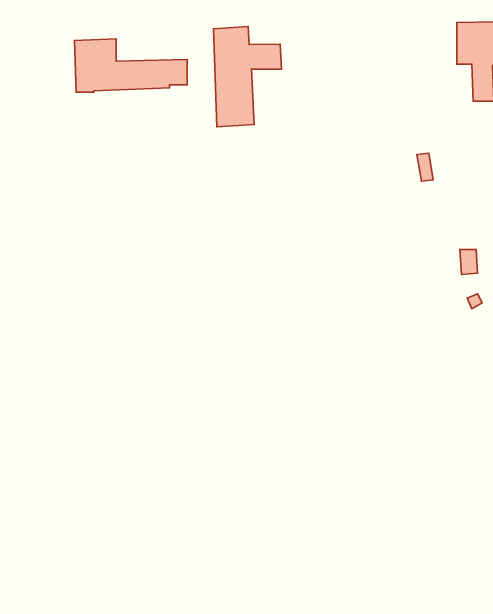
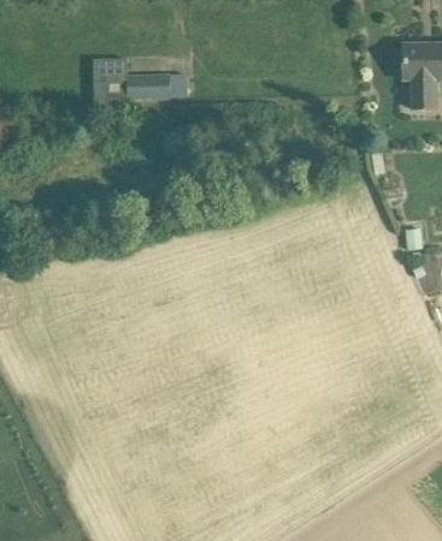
building: [213,27,281,127] -> none

